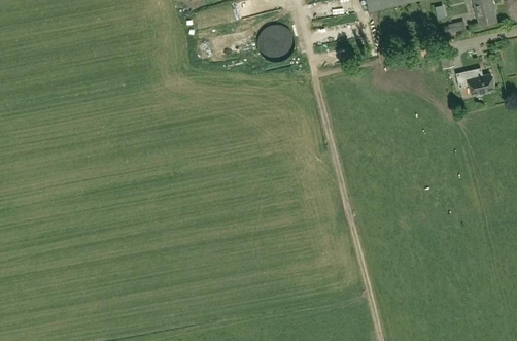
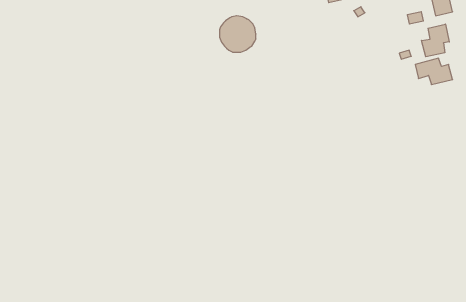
building: none -> [422,24,449,57]

